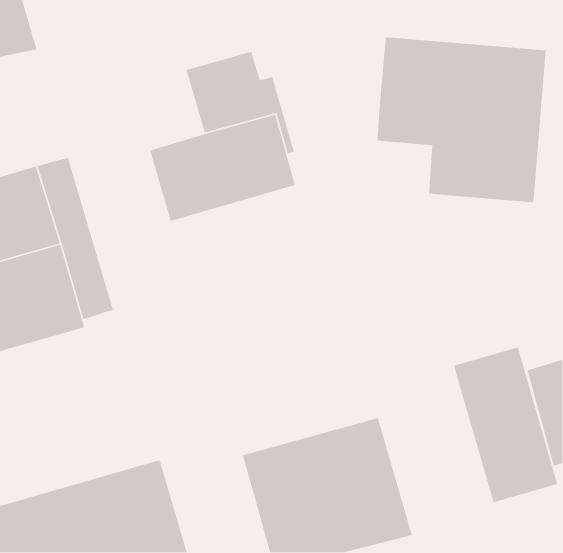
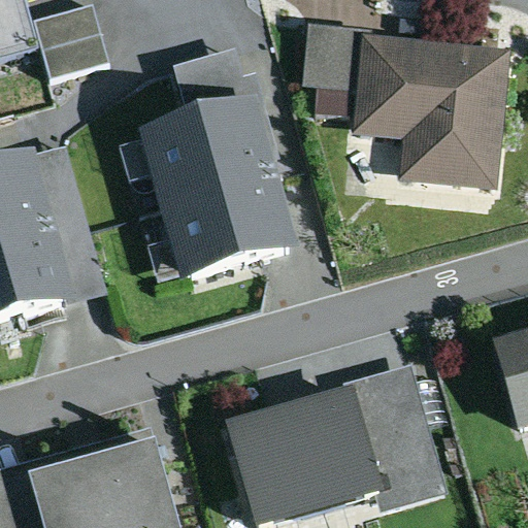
building: none -> [32,6,106,77]
building: none -> [301,23,361,89]
building: none -> [159,173,298,283]
building: [453,346,558,503] -> [352,364,450,510]

